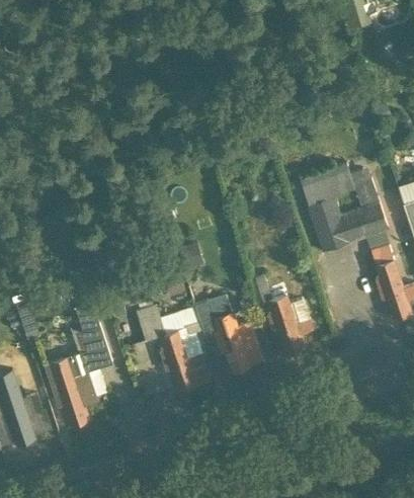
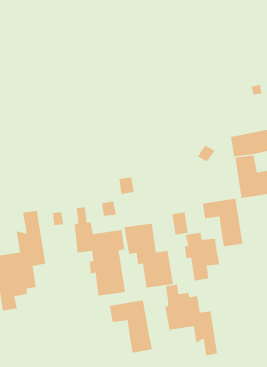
building: none -> [202,198,243,247]
building: none -> [165,284,218,356]
building: none -> [109,300,152,353]

